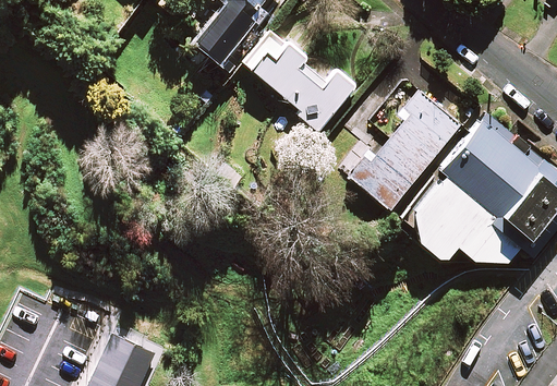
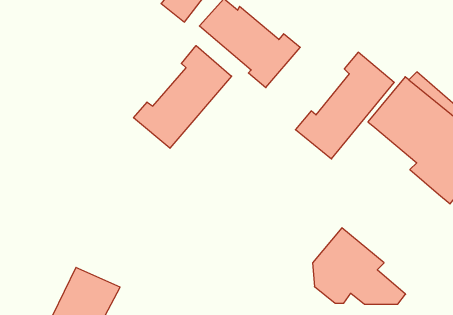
building: none -> [134,46,232,148]
building: [407,174,510,260] -> [313,228,406,304]

